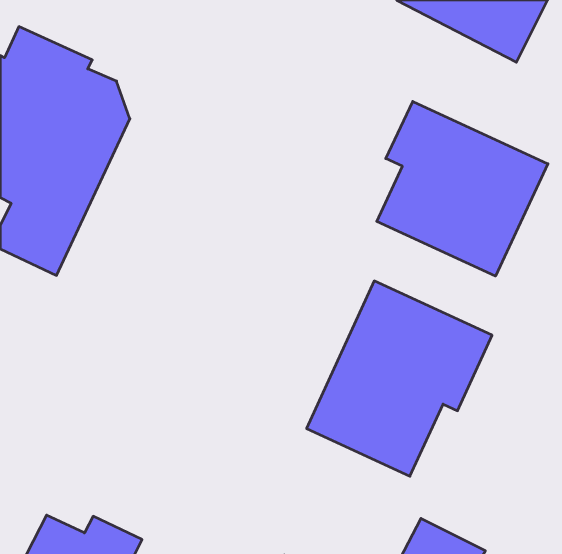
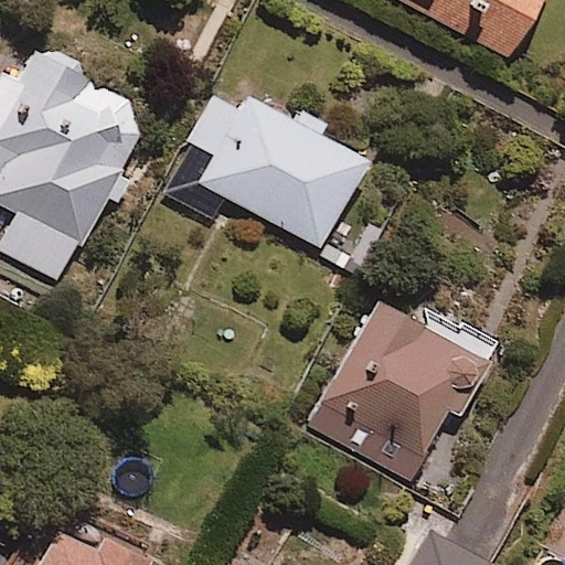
building: none -> [185,92,365,248]
building: [377,101,548,276] -> none

